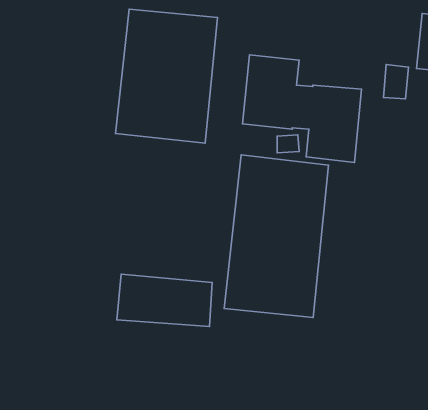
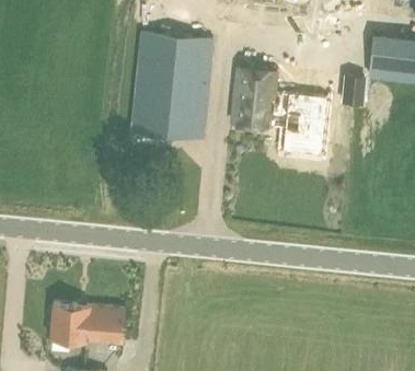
building: [224,155,329,317] -> none
building: [117,274,212,327] -> [49,303,125,345]

